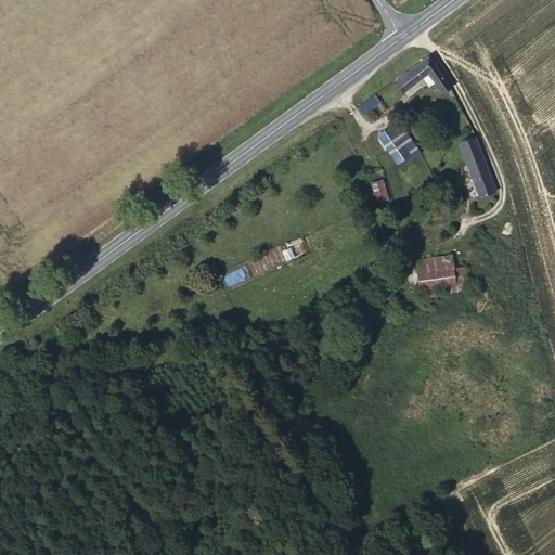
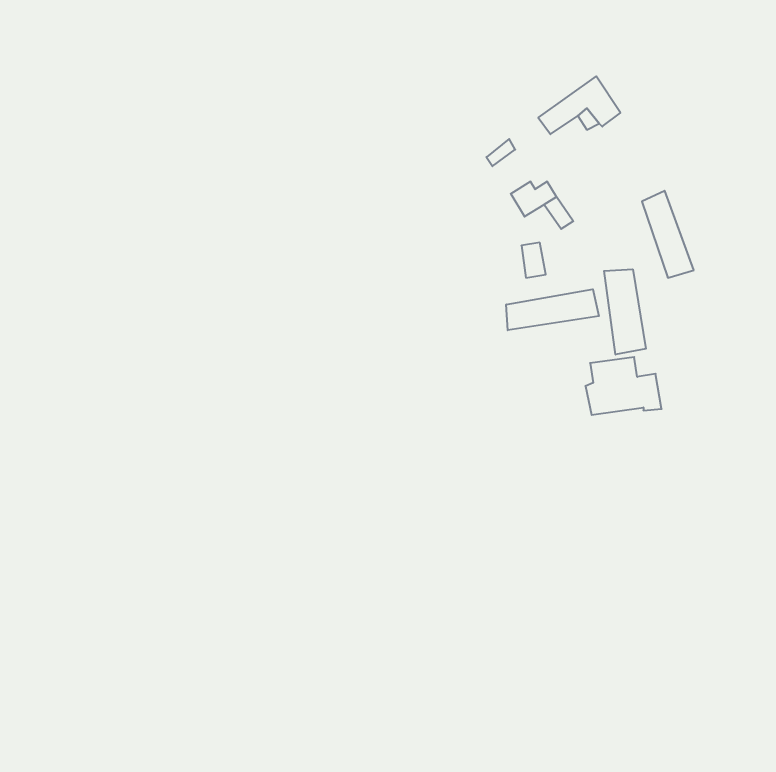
building: none -> [604,269,646,355]
building: none -> [506,289,599,330]

